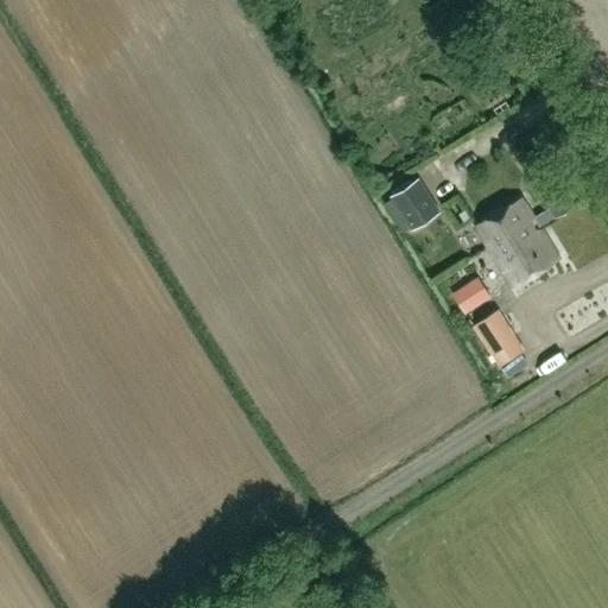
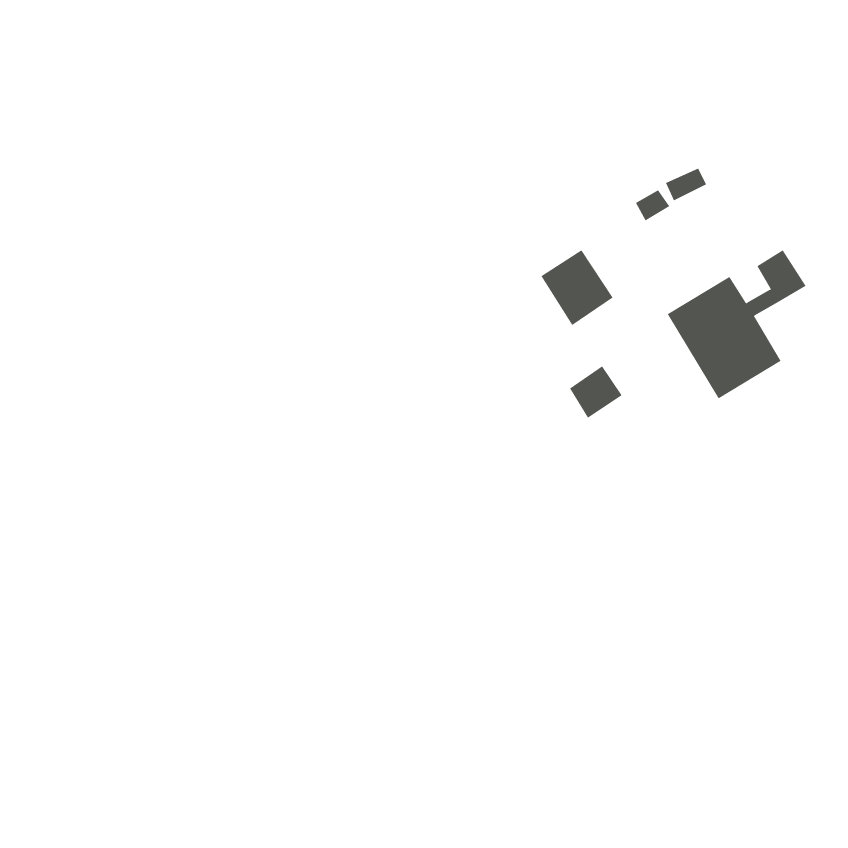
building: [454,274,492,312] -> [569,365,622,419]
building: [480,316,525,365] -> none

